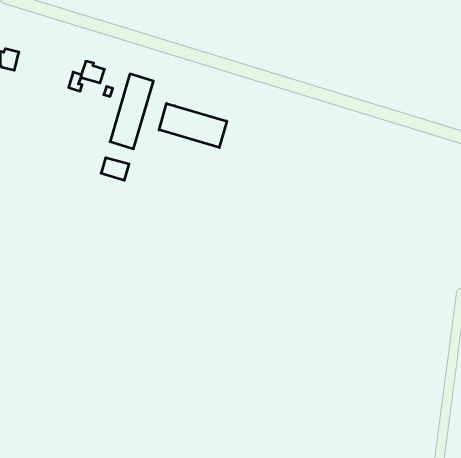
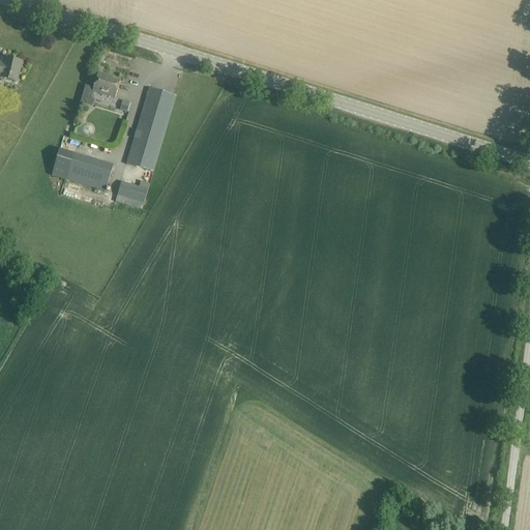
building: [159,103,227,148] -> none
building: none -> [52,148,113,189]

